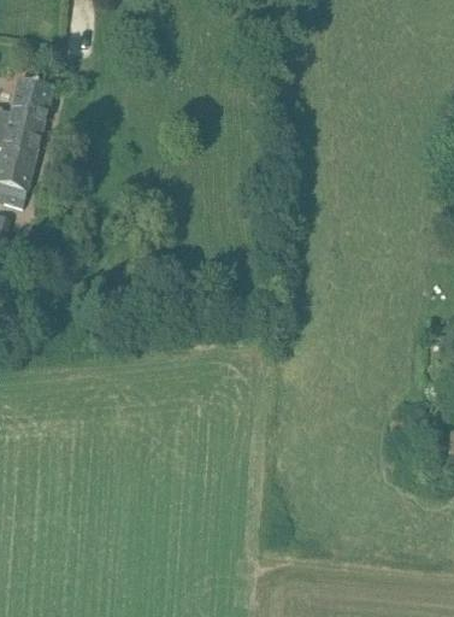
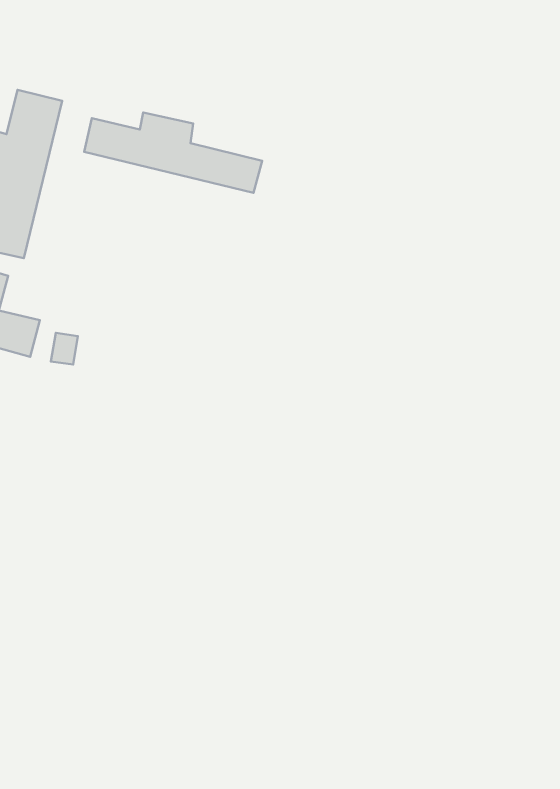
building: none -> [84,112,262,193]

